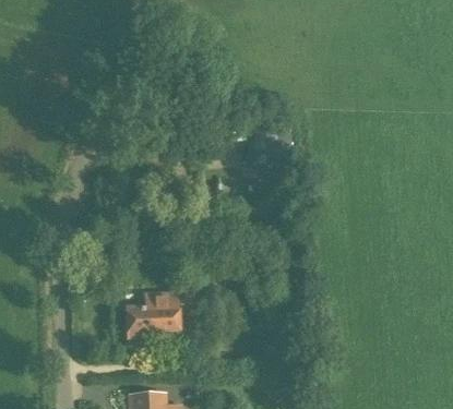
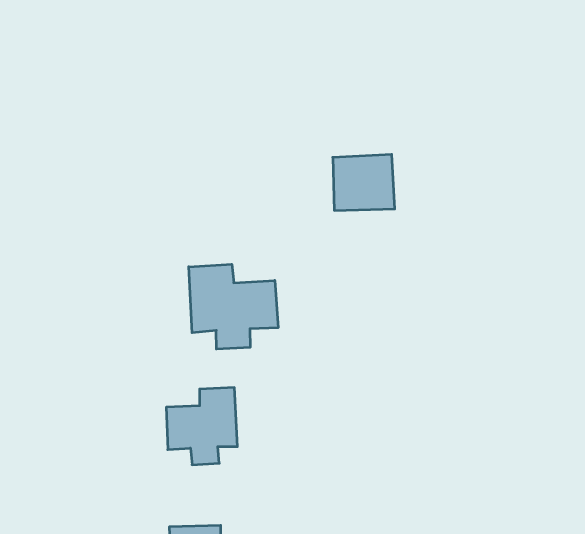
building: none -> [189,264,278,349]

